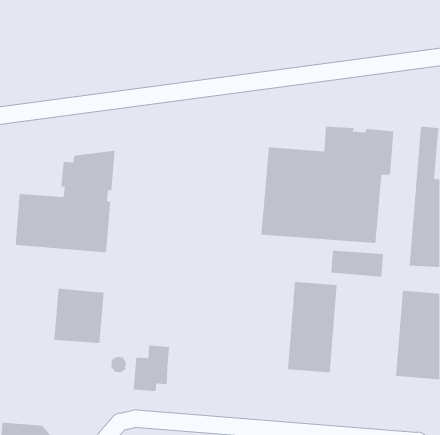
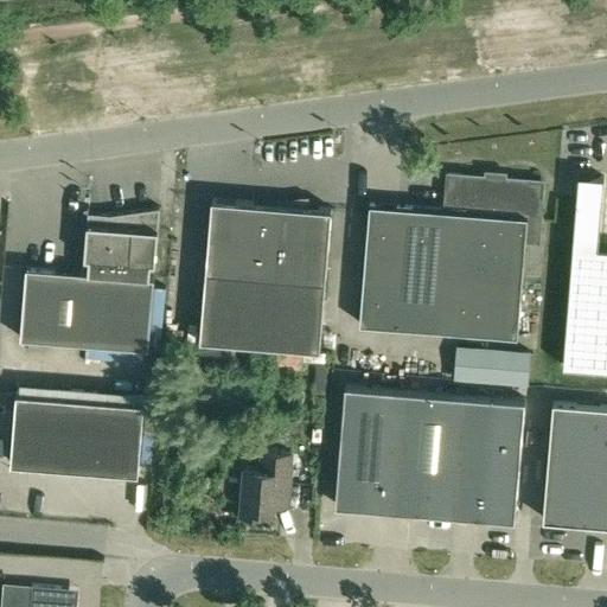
building: none -> [199,203,331,357]
building: none -> [334,390,404,516]
building: none -> [11,400,79,475]
building: none -> [454,400,524,525]
building: [133,345,170,392] -> [239,459,290,523]

